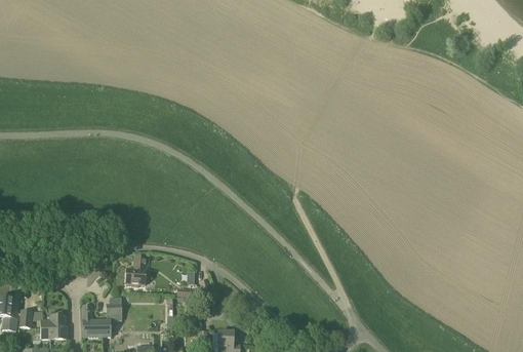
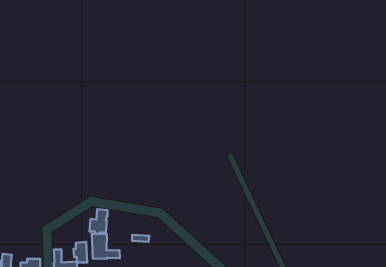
building: none -> [92,234,120,259]

